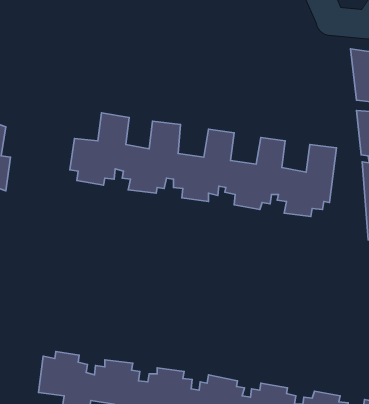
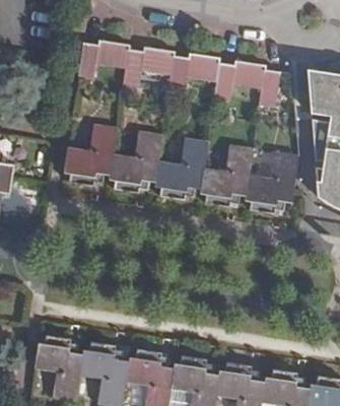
building: none -> [76,41,278,109]

